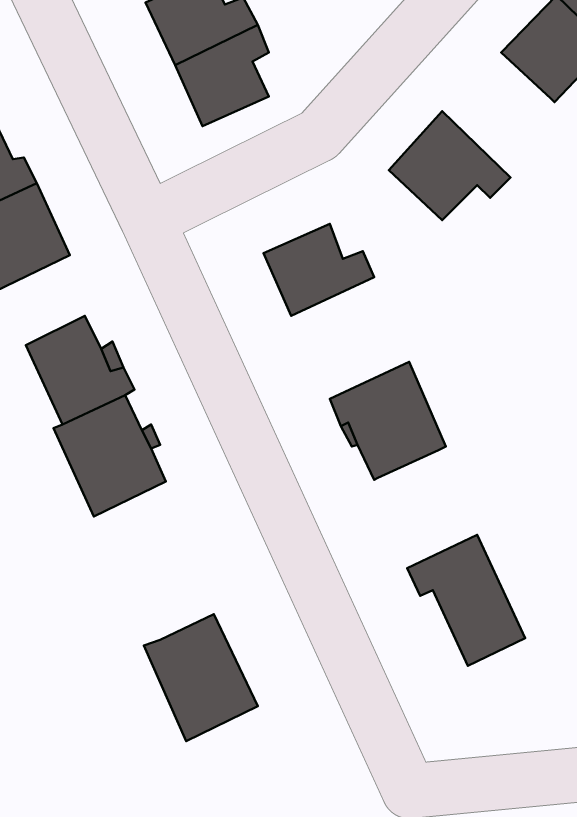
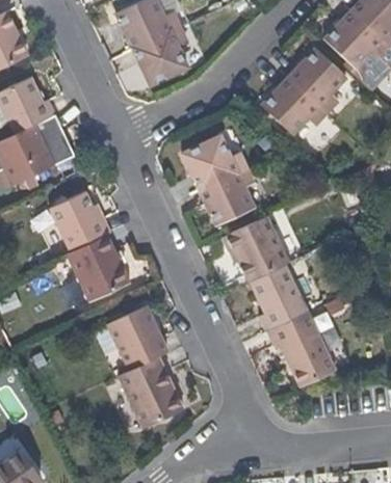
building: none -> [286,50,340,111]
building: none -> [201,167,255,226]
building: none -> [250,265,306,331]
building: none -> [106,305,165,372]

